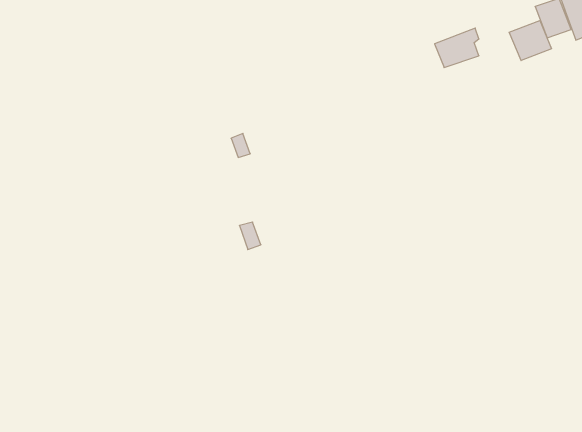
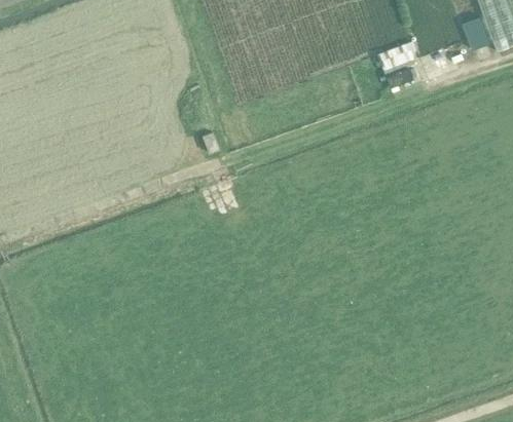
building: [509,20,552,61] -> none

